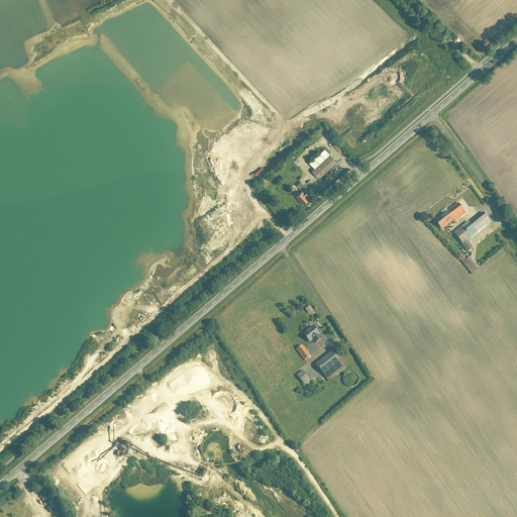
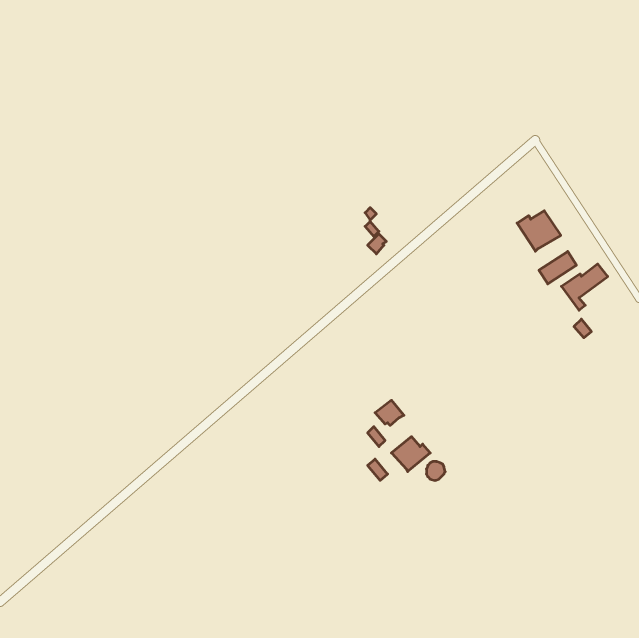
building: [309,148,337,179] -> none
building: none -> [517,211,561,251]

